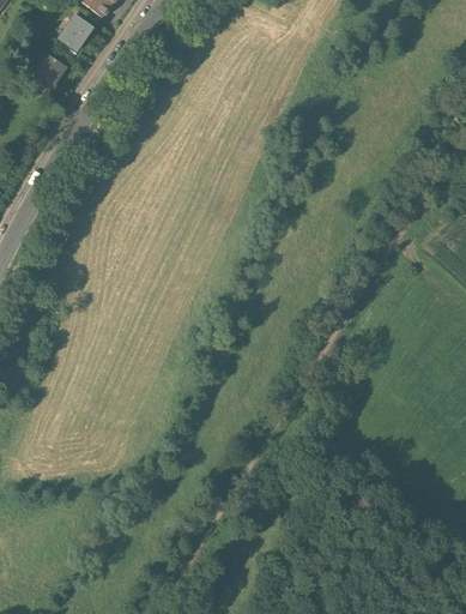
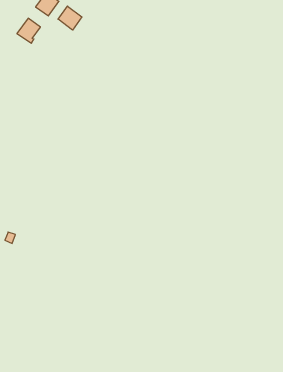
building: none -> [58,6,82,30]

